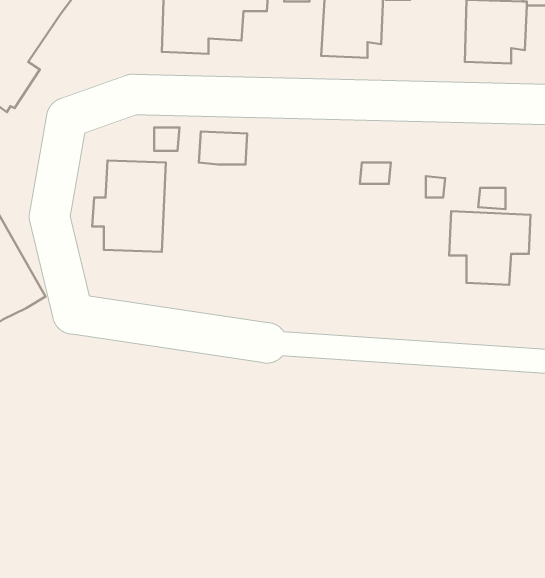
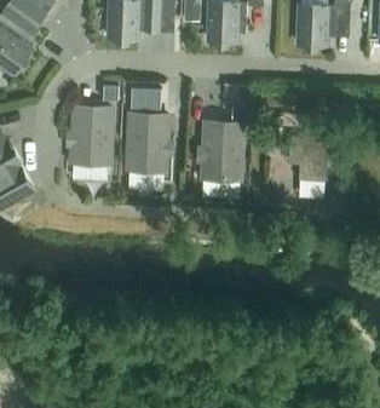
building: none -> [127,115,173,172]
building: none -> [202,123,241,180]

